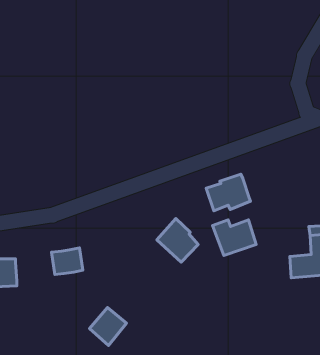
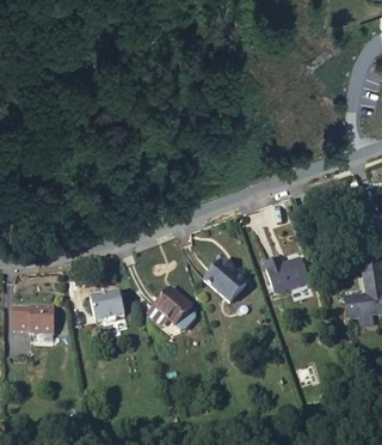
building: [206,174,251,211] -> none
building: [90,307,126,345] -> [152,286,191,327]

